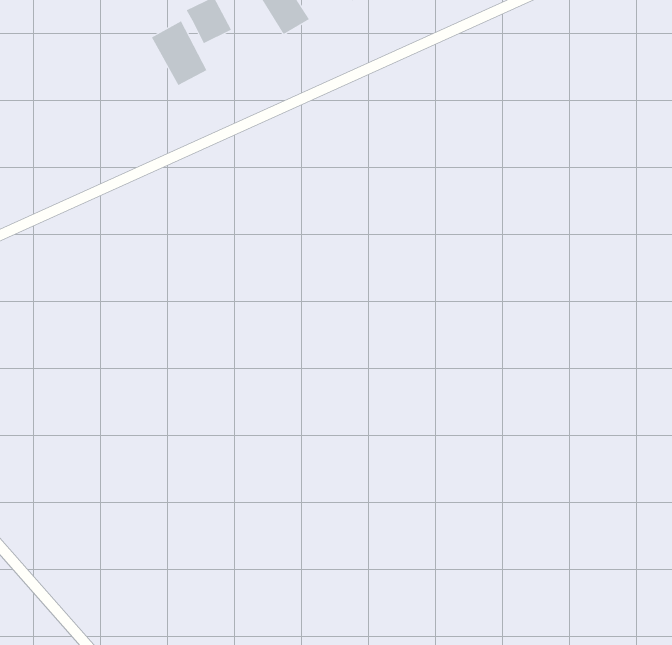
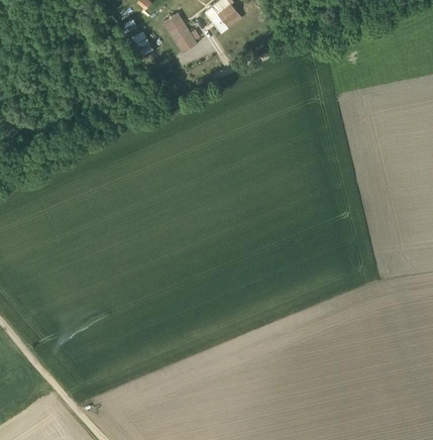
building: [151,21,207,86] -> none

